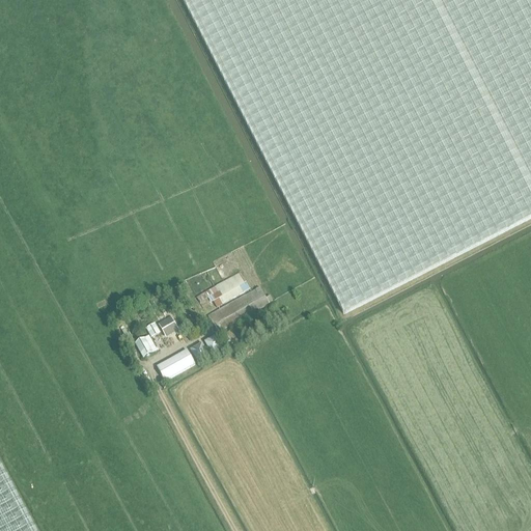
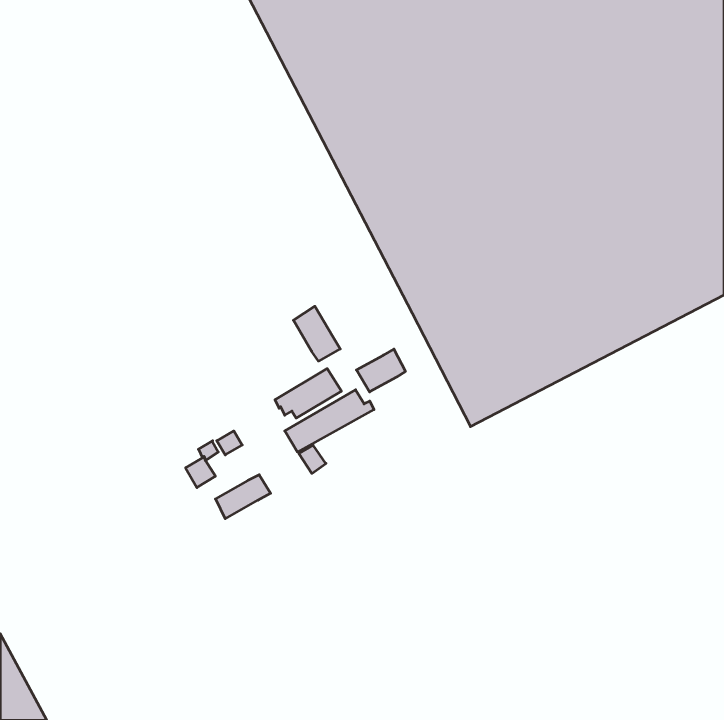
building: none -> [293,306,340,361]
building: none -> [356,349,405,392]

